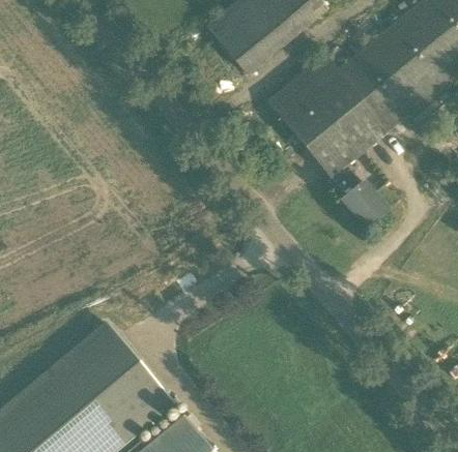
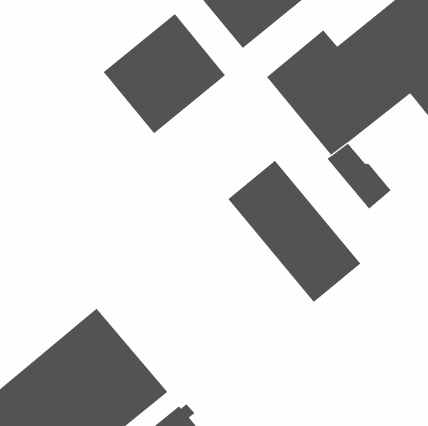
building: none -> [103,13,226,134]
building: none -> [227,160,361,303]

